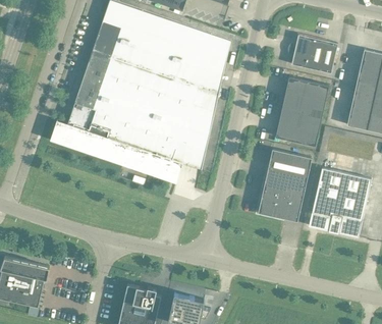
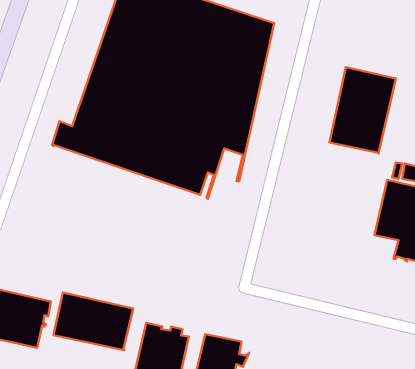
building: [291,35,337,73] -> none
building: [258,149,312,221] -> none
building: none -> [54,292,133,350]

